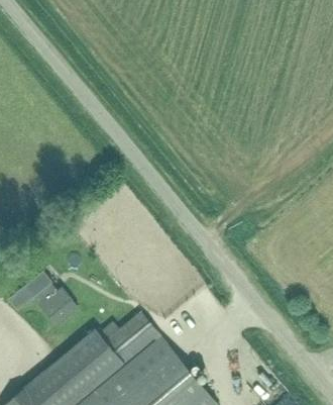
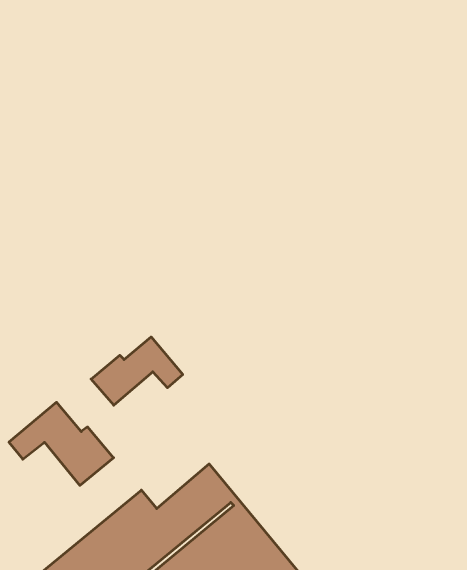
building: none -> [91,337,183,405]

